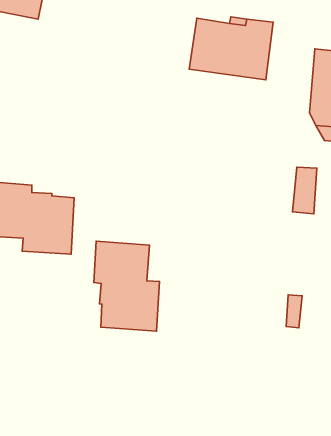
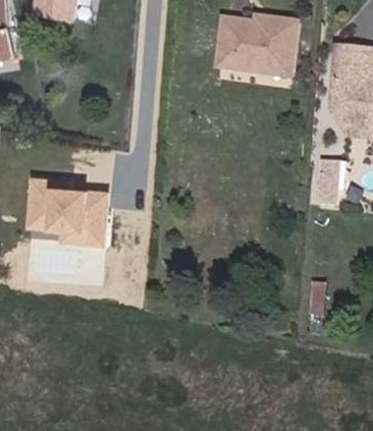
building: [94,241,160,331] -> none

